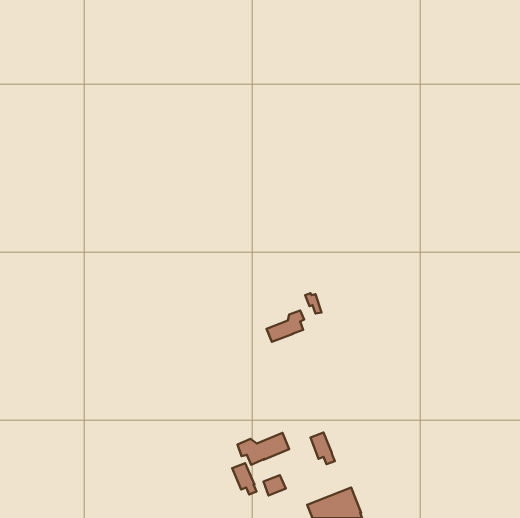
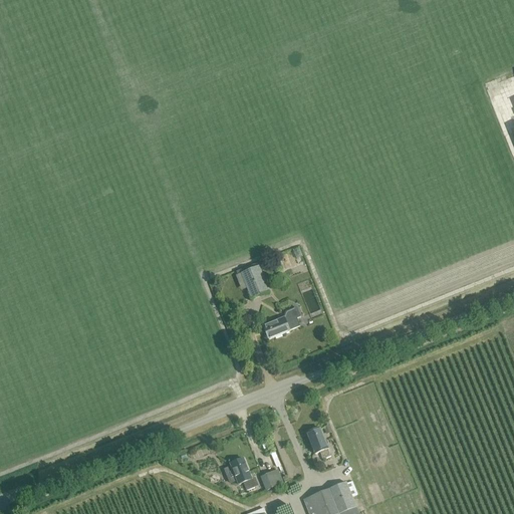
building: none -> [240,264,268,297]
building: [237,433,289,465] -> none

